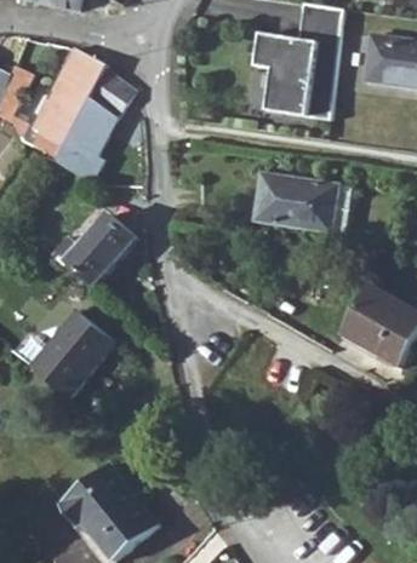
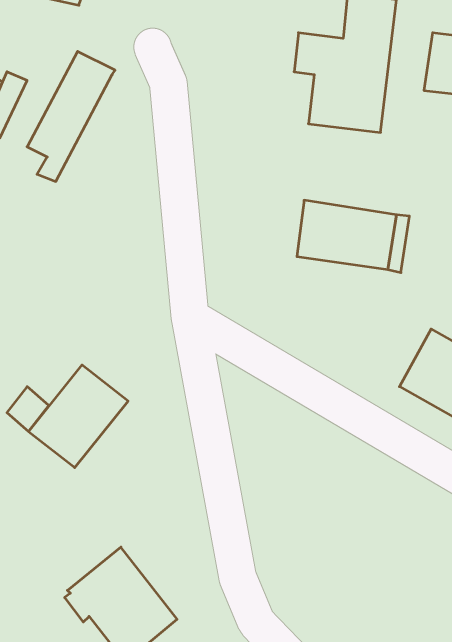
building: [55,69,135,184] -> none
building: [52,216,136,291] -> none

